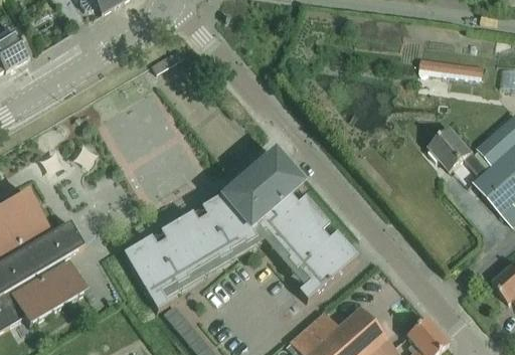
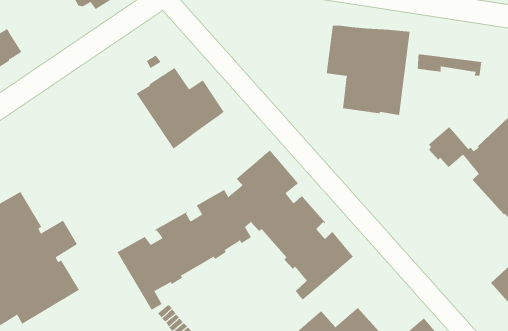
building: none -> [326,25,410,116]
building: none -> [136,67,224,150]

